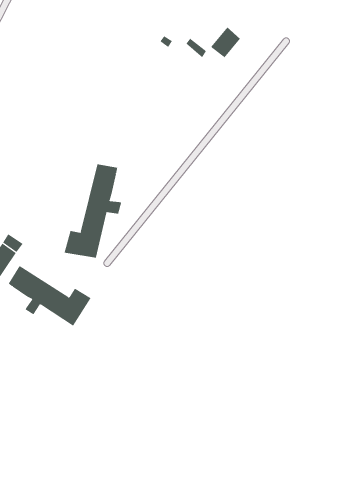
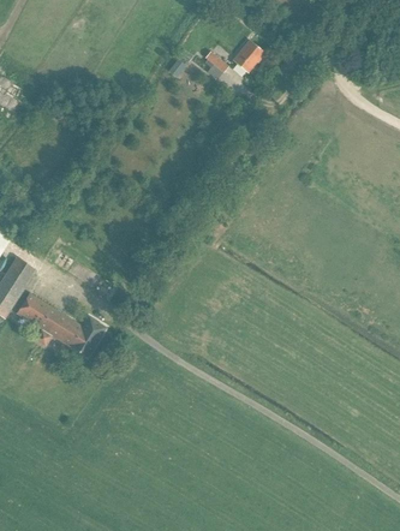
building: [64,164,122,258] -> none

